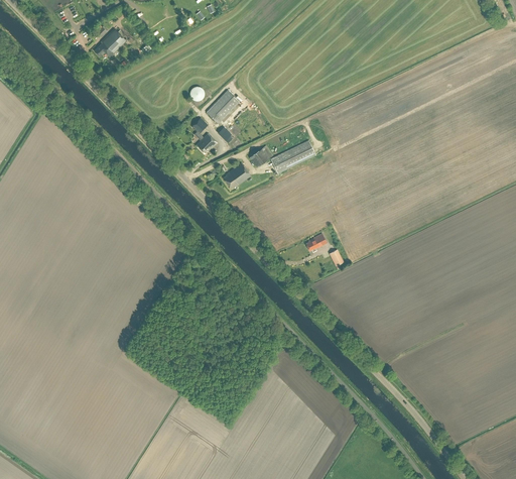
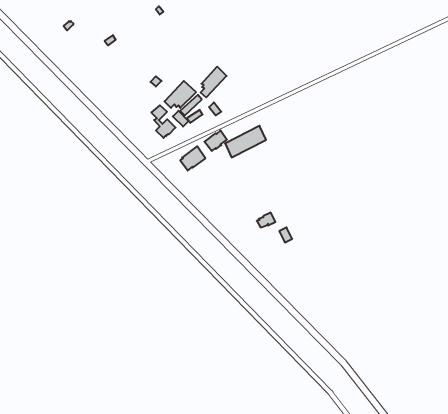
building: [94,27,127,57] -> none
building: none -> [201,67,227,97]

